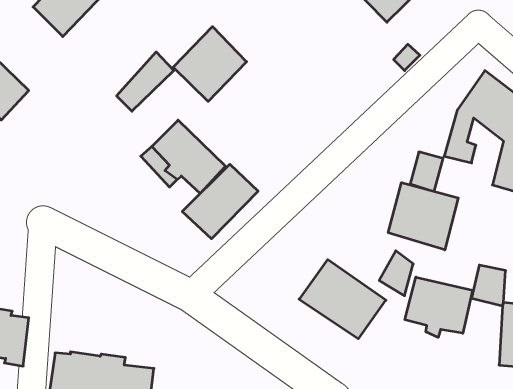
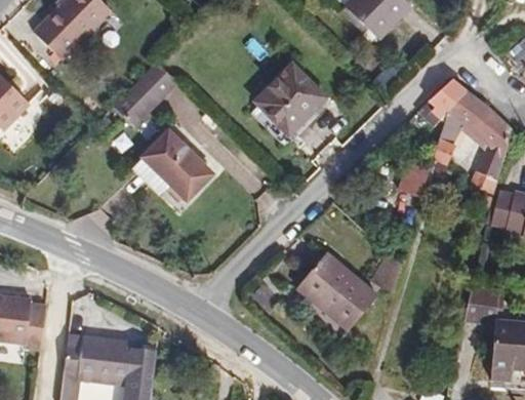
building: [173,27,247,101] -> [262,68,331,137]
building: none -> [415,73,465,123]
building: [182,164,258,239] -> none
building: [388,183,458,250] -> none
building: [405,277,472,337] -> none

